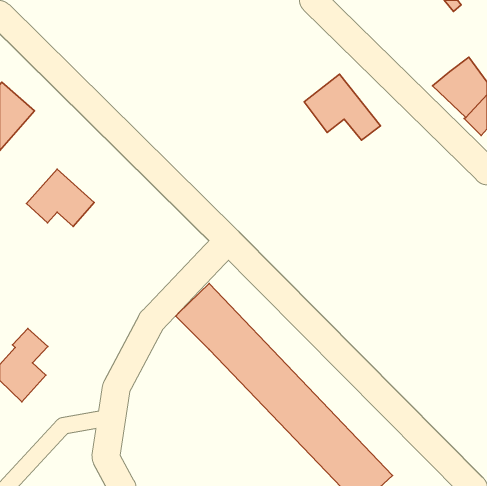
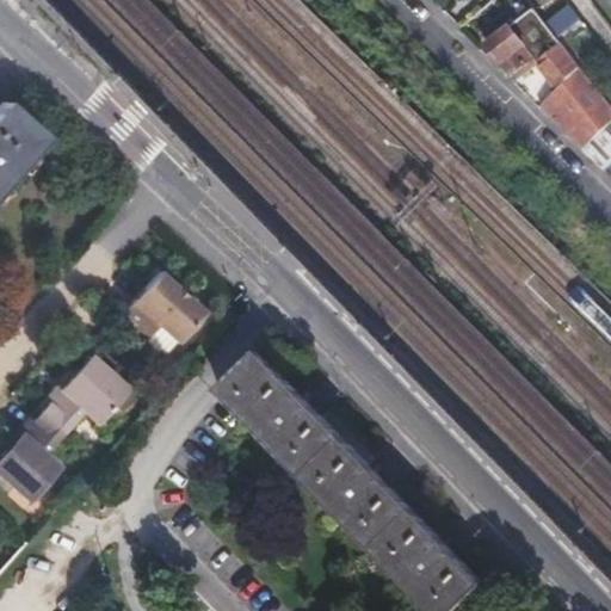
building: [304,74,381,140] -> [490,10,586,92]
building: [27,169,94,226] -> [125,270,210,341]
building: none -> [35,359,125,436]

